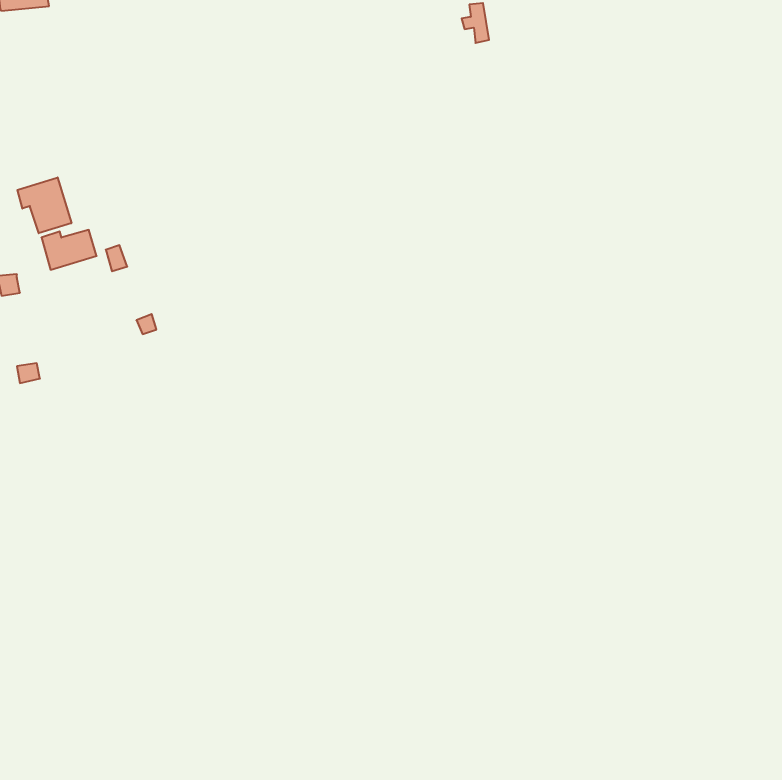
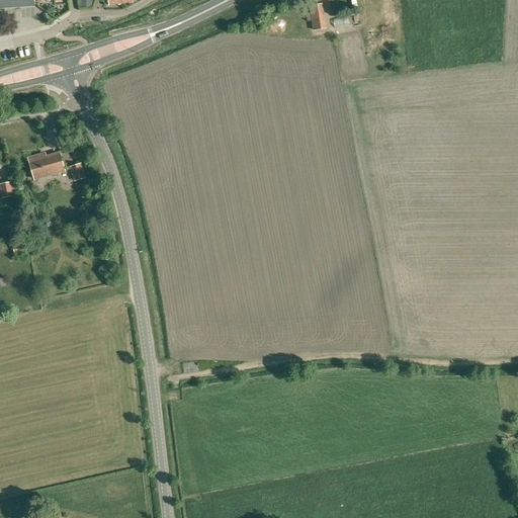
building: [17,177,71,233] -> none

